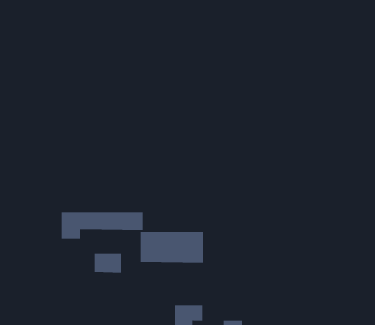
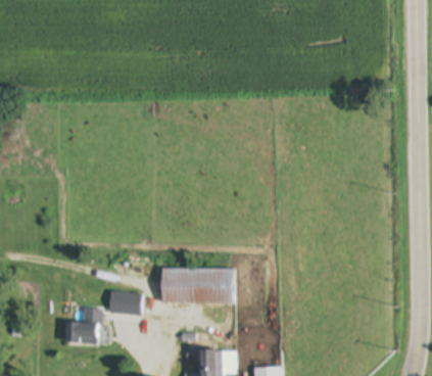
building: [61,212,143,239] -> none
building: none -> [65,308,101,343]

